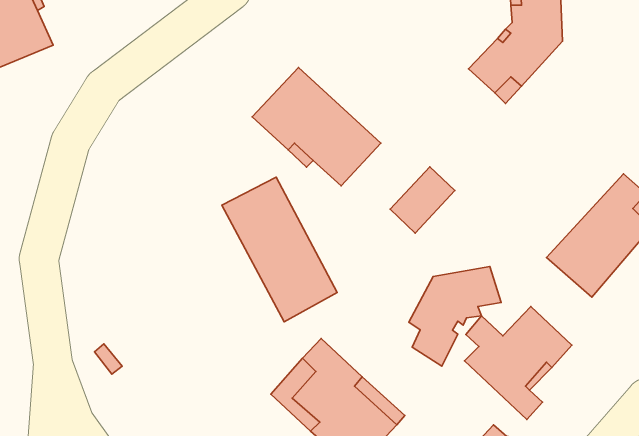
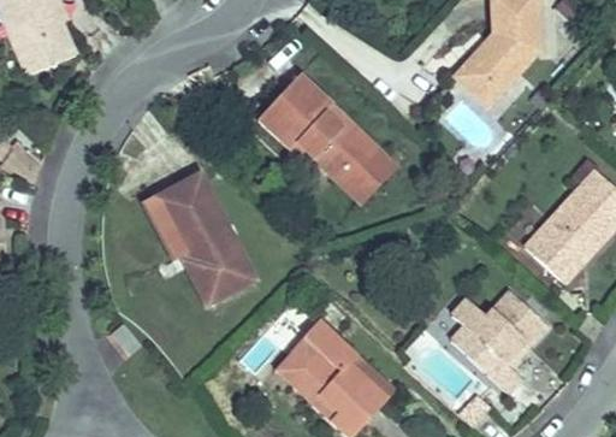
building: [390,167,455,233] -> [338,142,397,202]
building: [222,177,337,322] -> [153,171,257,302]
building: [409,266,501,366] -> none

